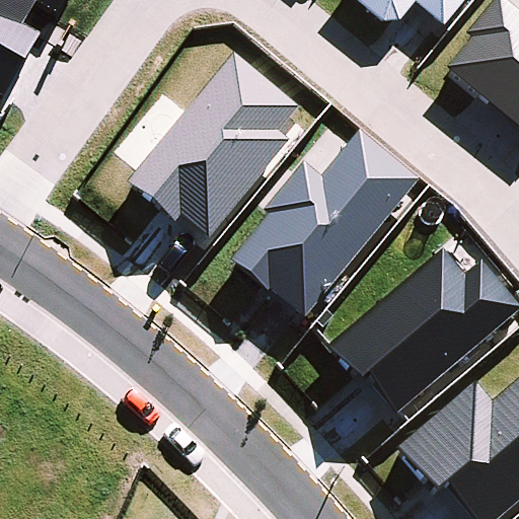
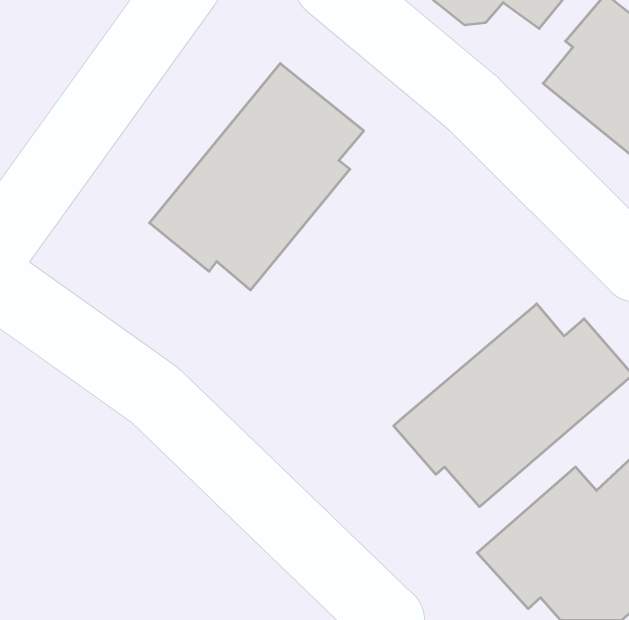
building: [232,128,421,315] -> none

